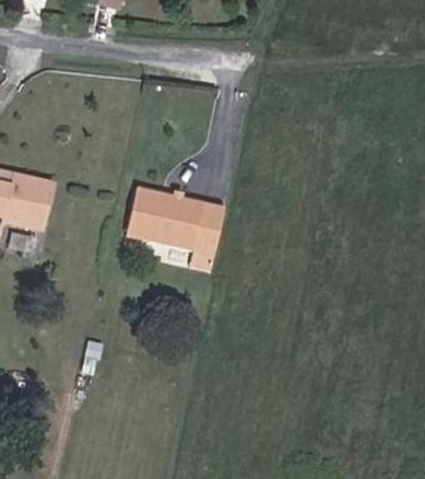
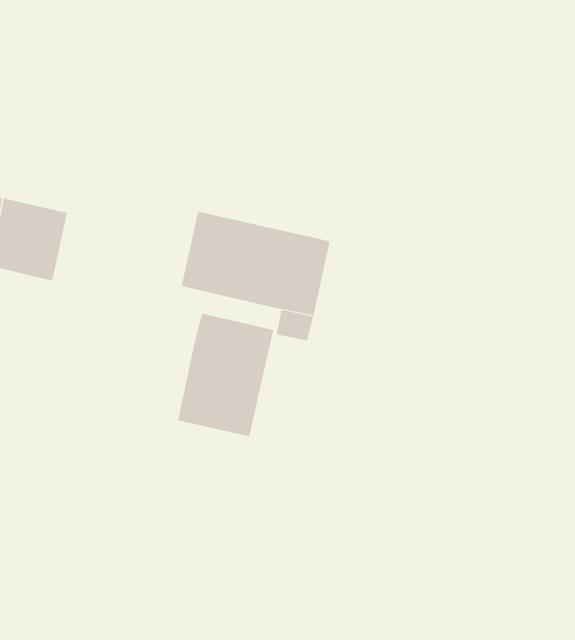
building: none -> [177,313,274,437]

